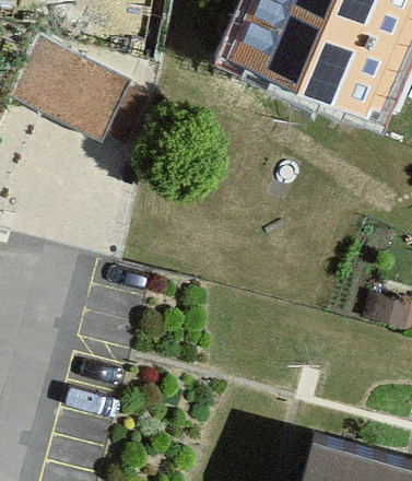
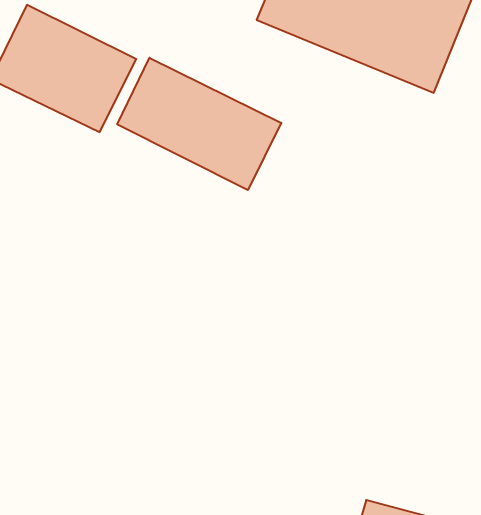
building: none -> [117,58,281,190]

